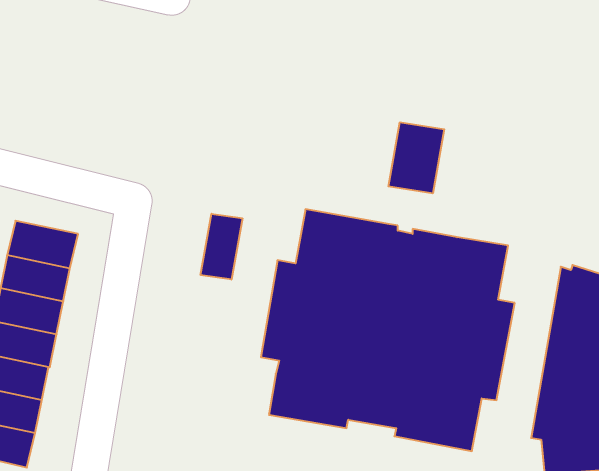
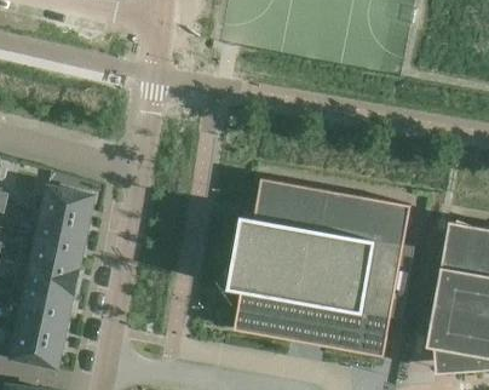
building: [388,122,444,193] -> none
building: [201,214,242,280] -> none

